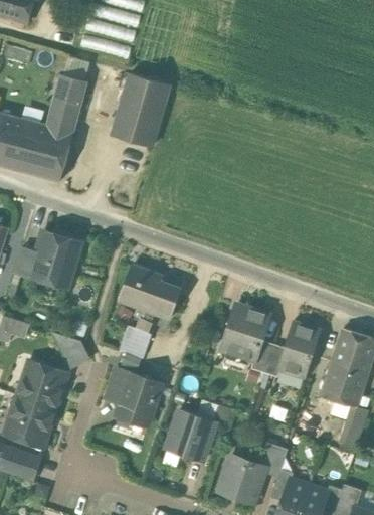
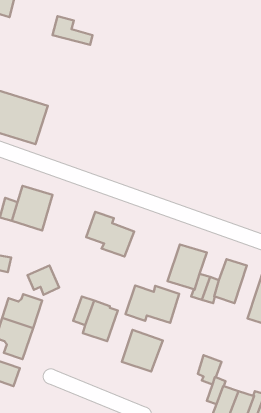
building: [48,64,92,134] -> none
building: [111,74,170,145] -> none
building: [119,323,151,356] -> none
building: none -> [125,286,179,323]
building: [218,456,265,503] -> none

